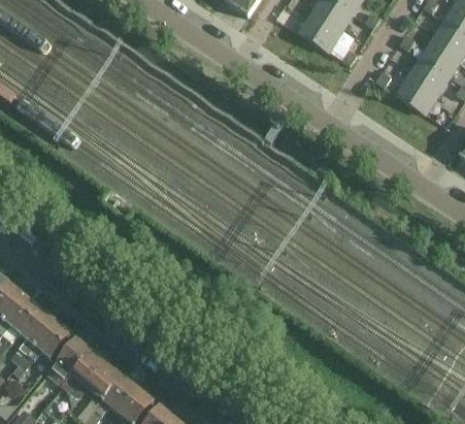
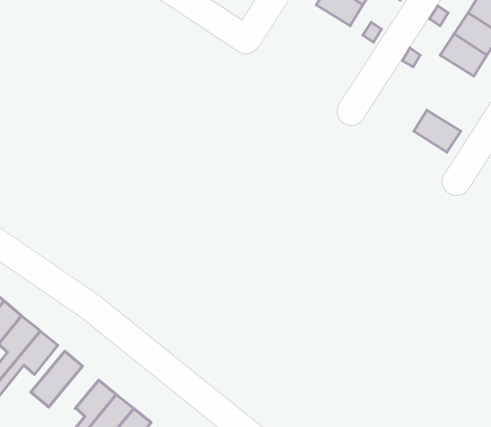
building: [397,75,438,112] -> [414,110,461,152]
building: [63,350,107,396] -> none

